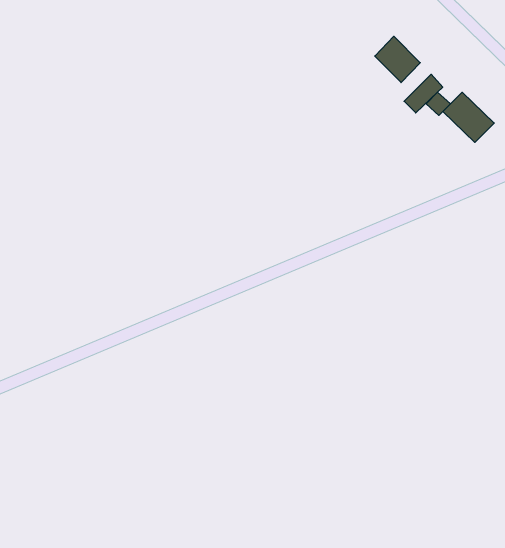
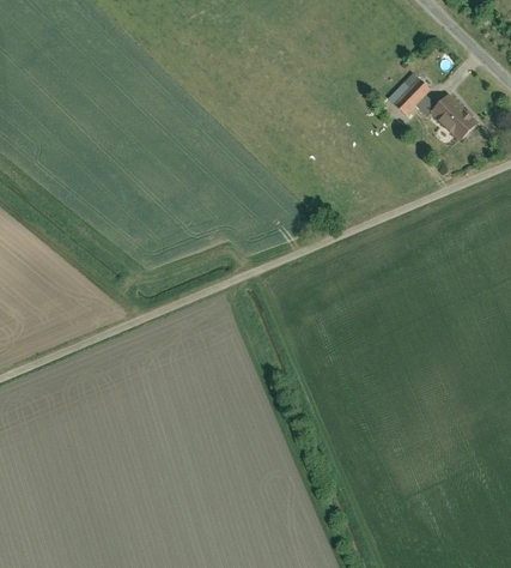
building: [375,36,420,83] -> none

